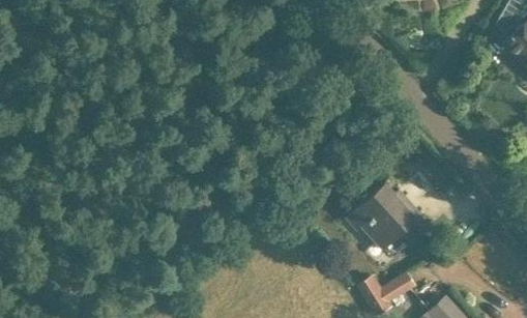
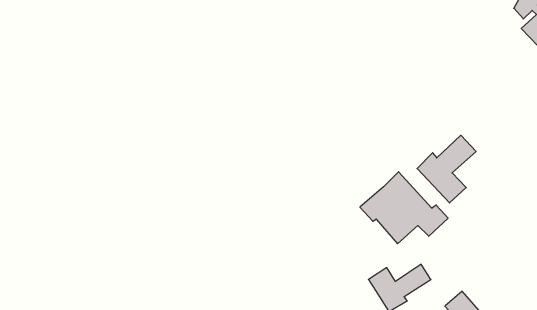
building: none -> [417,135,476,203]

